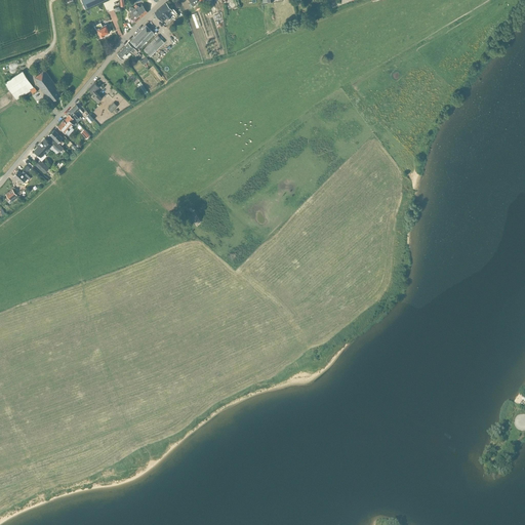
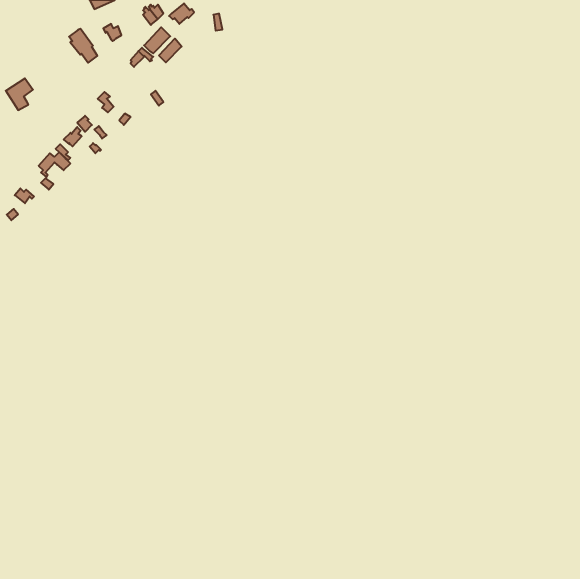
building: [35,71,60,102] -> [69,29,97,63]

